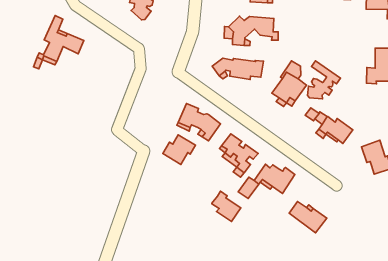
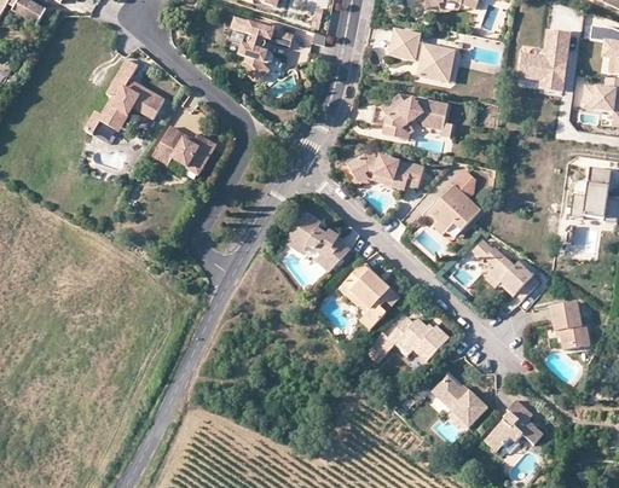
building: none -> [154,126,216,175]
building: [308,61,340,99] -> none
building: [163,135,196,165] -> none
building: [212,191,241,222] -> none
building: none -> [485,400,543,452]

